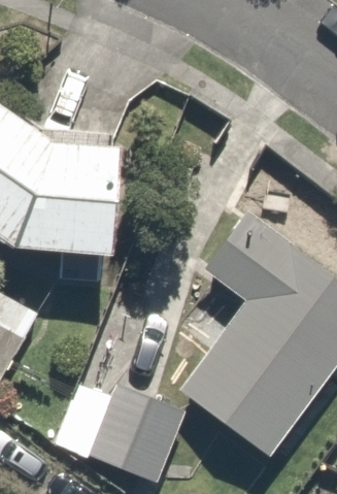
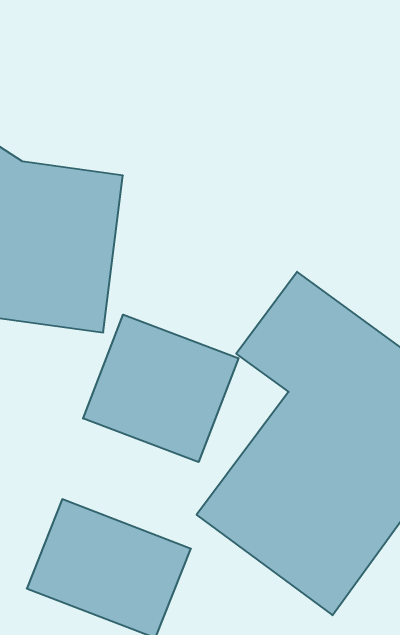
building: none -> [83,315,238,462]

